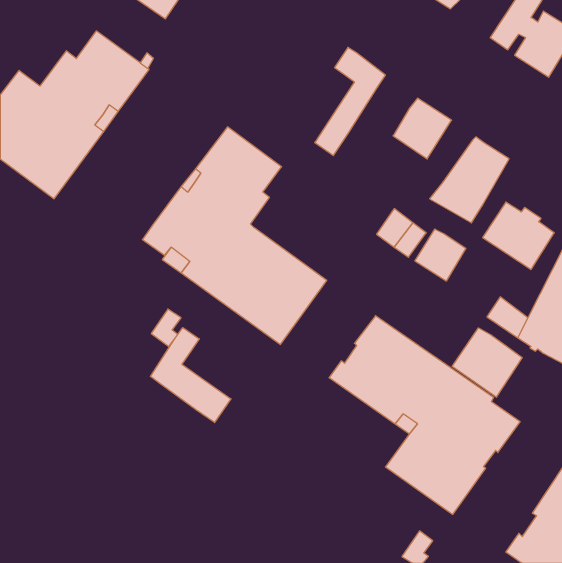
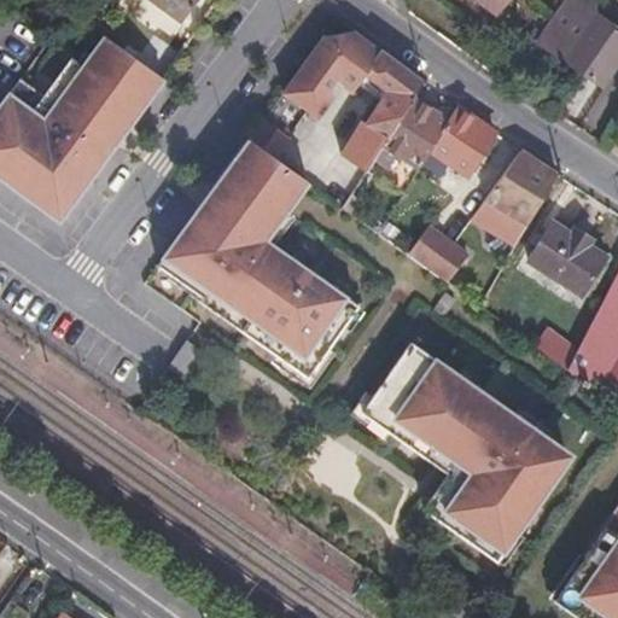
building: none -> [284,30,383,113]
building: none -> [384,95,450,168]
building: [415,229,466,281] -> none
building: [150,328,231,423] -> none
building: [452,328,522,397] -> none

